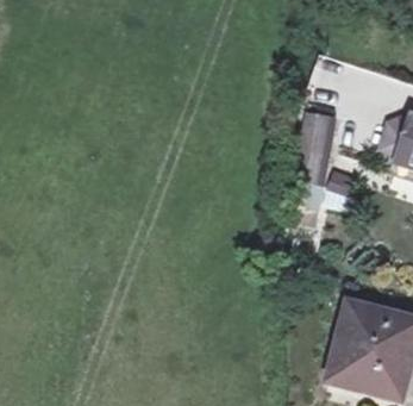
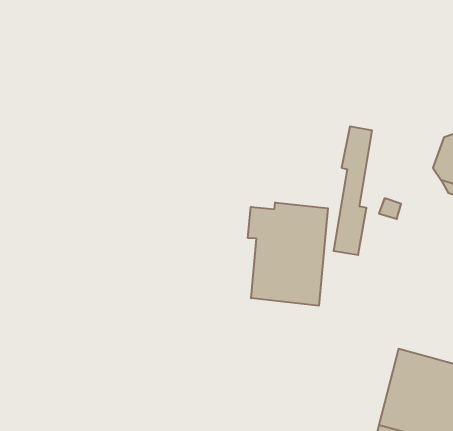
building: none -> [248,202,328,306]

